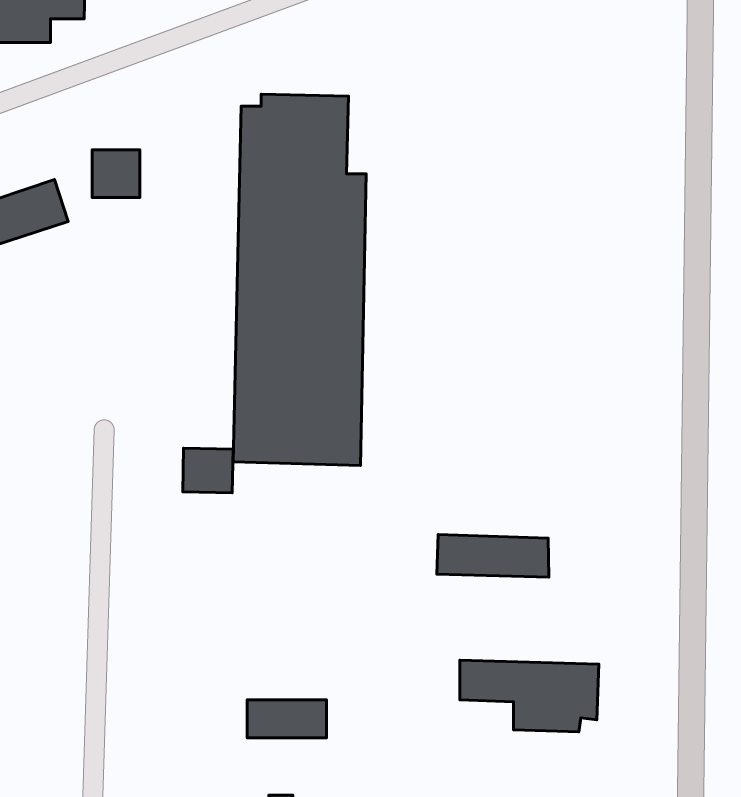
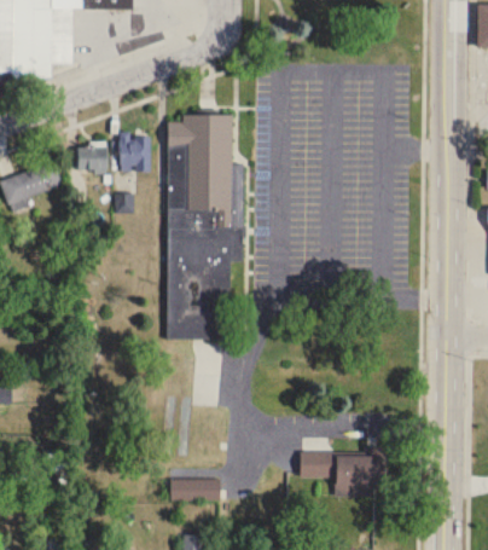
building: none -> [120,133,151,170]
building: [183,448,233,493] -> none
building: [437,534,549,577] -> none

